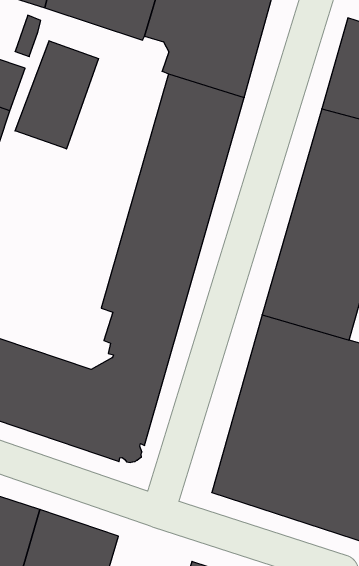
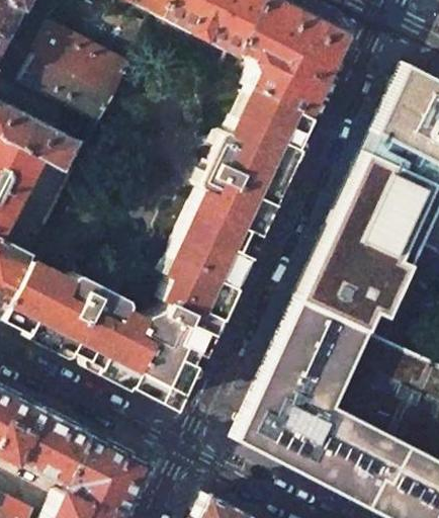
building: [15,41,98,149] -> none

